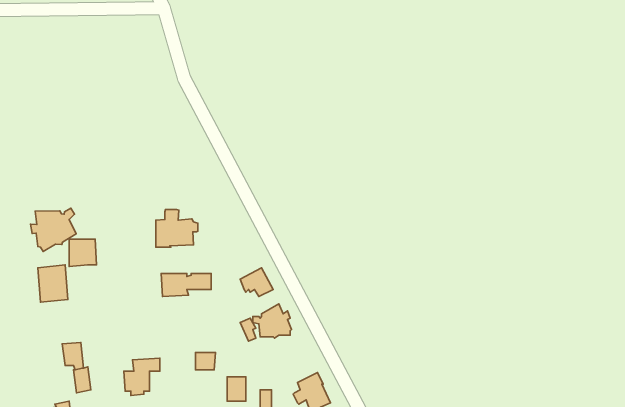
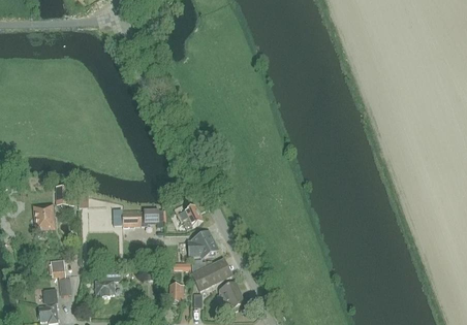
building: [31,208,76,252] -> none
building: [156,209,198,247] -> none
building: none -> [191,257,232,291]

